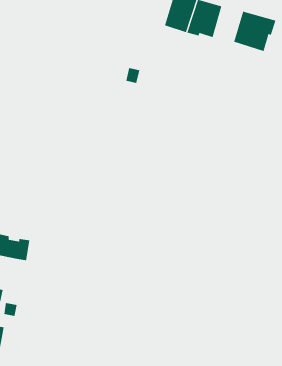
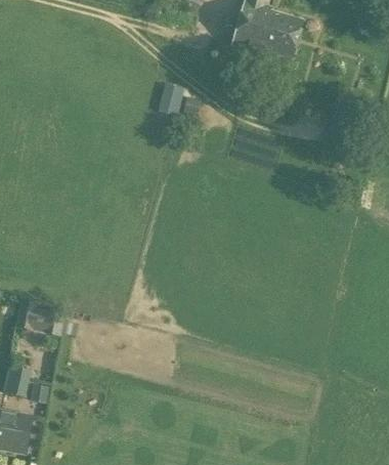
building: [233,11,276,52] -> none
building: none -> [158,84,183,117]

